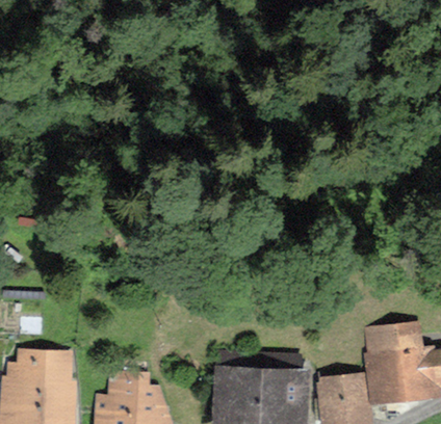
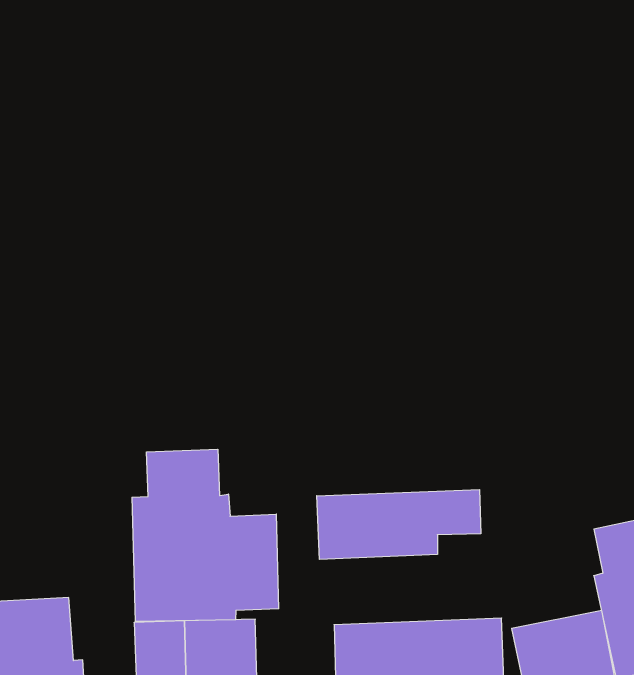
building: none -> [132,449,279,622]
building: none -> [317,490,481,559]

